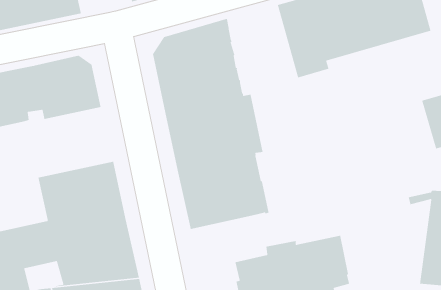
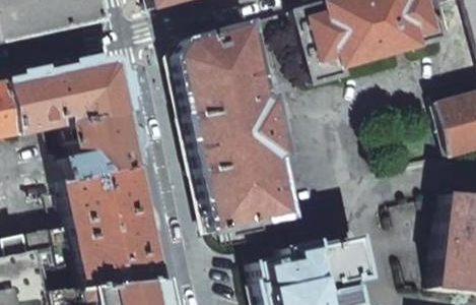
building: none -> [58,113,138,182]

